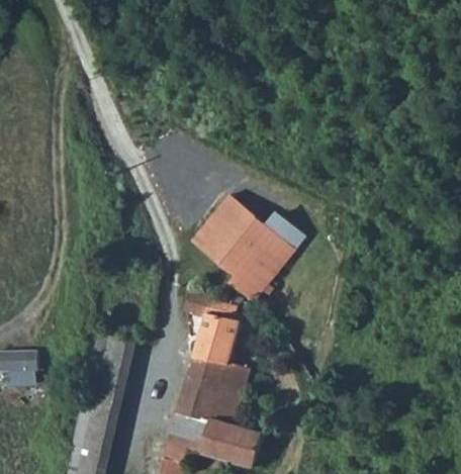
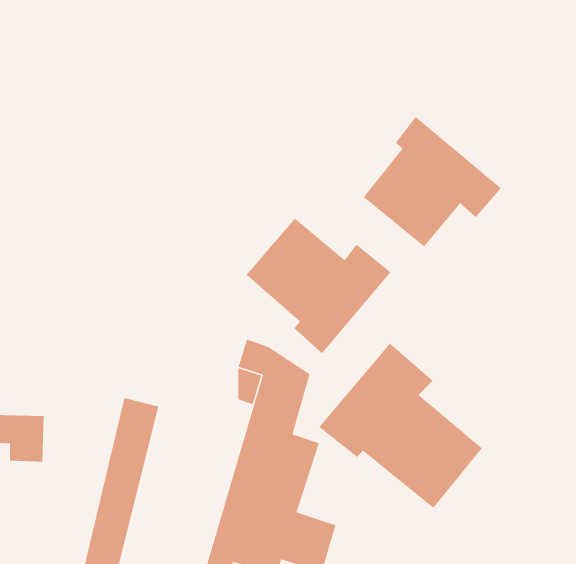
building: none -> [363,116,502,248]
building: none -> [318,342,483,509]

